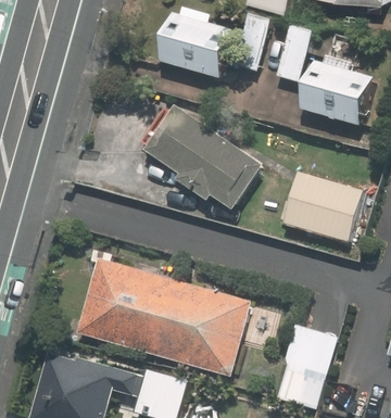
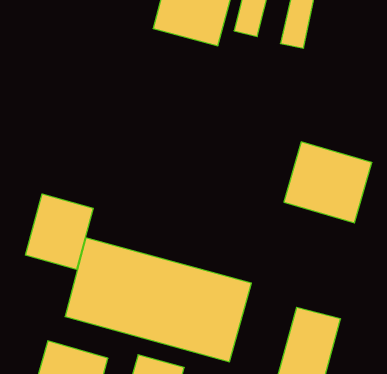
building: [299,61,374,127] -> none
building: [142,105,261,212] -> none
building: none -> [25,194,93,269]

